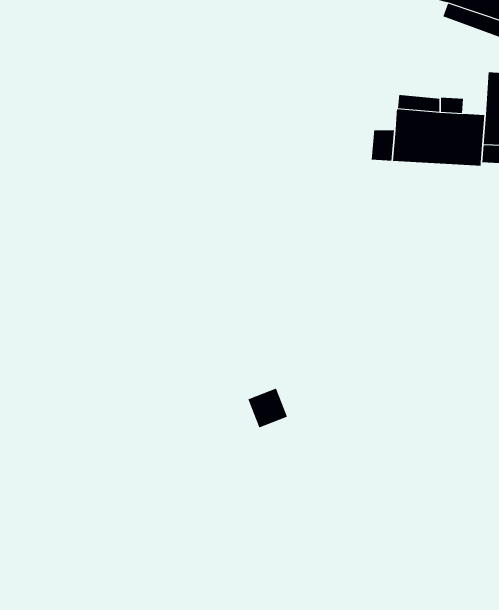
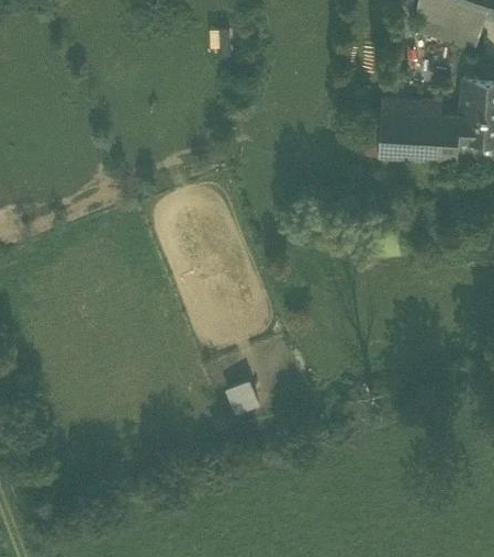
building: [248,388,288,428] -> [227,380,262,415]

